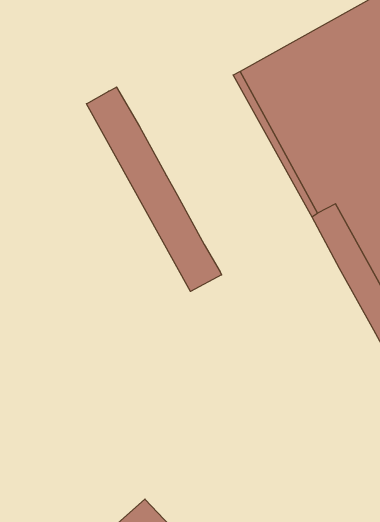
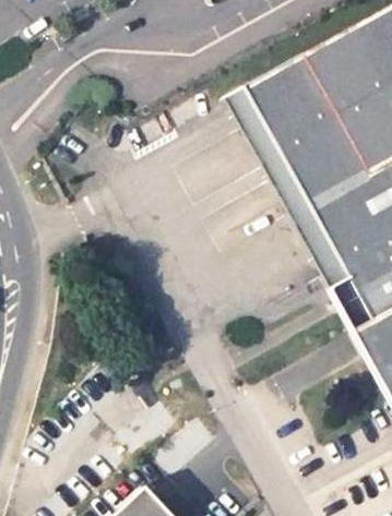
building: [86,87,222,291] -> none

